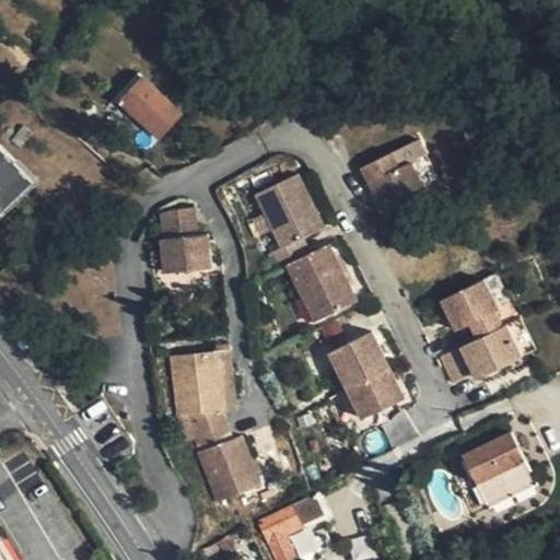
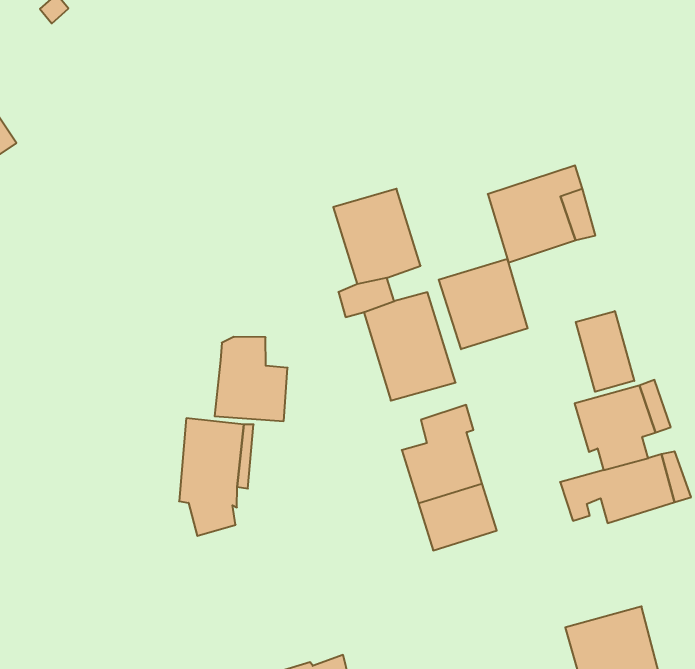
building: [116,82,177,142] -> none
building: none -> [439,259,528,349]
building: [162,218,213,278] -> [215,337,288,421]
building: none -> [576,311,634,392]
building: [195,421,262,504] -> none

